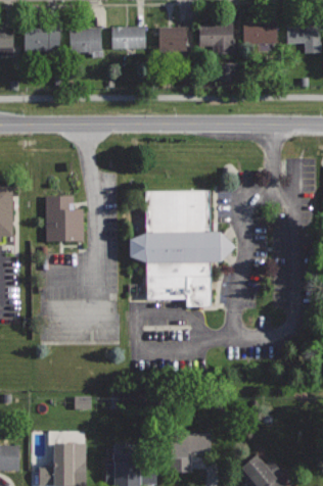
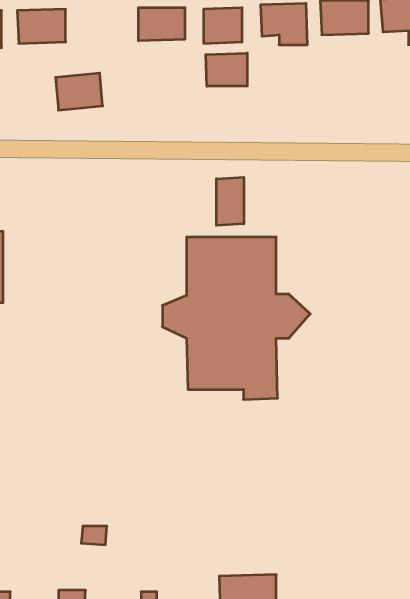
building: [68,28,102,54] -> [56,73,103,110]
building: none -> [206,53,247,86]
building: none -> [216,177,244,225]
building: [45,195,83,241] -> none

